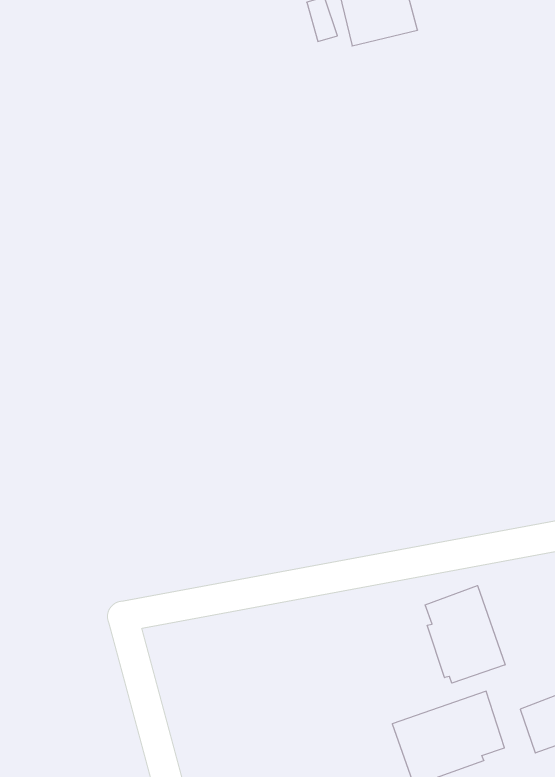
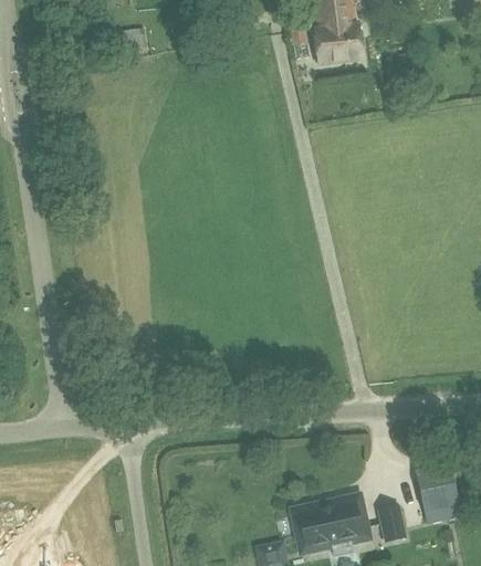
building: [425,586,505,683] -> none

